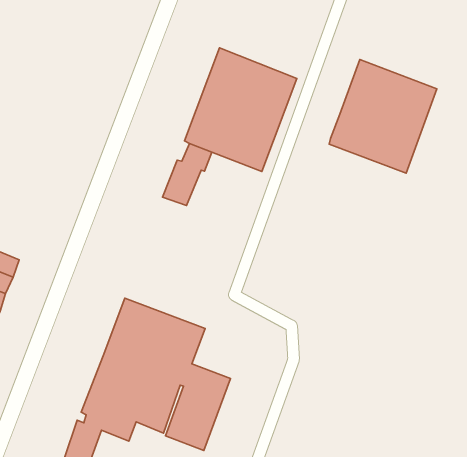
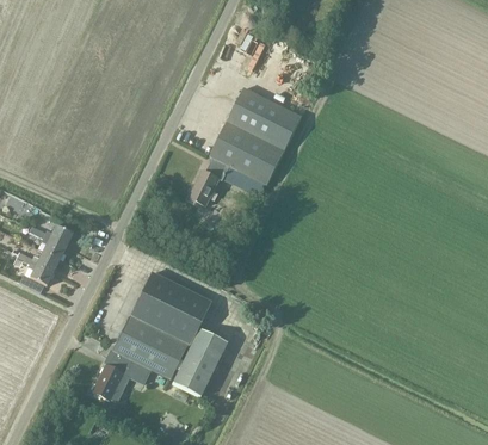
building: [329,60,437,173] -> none

